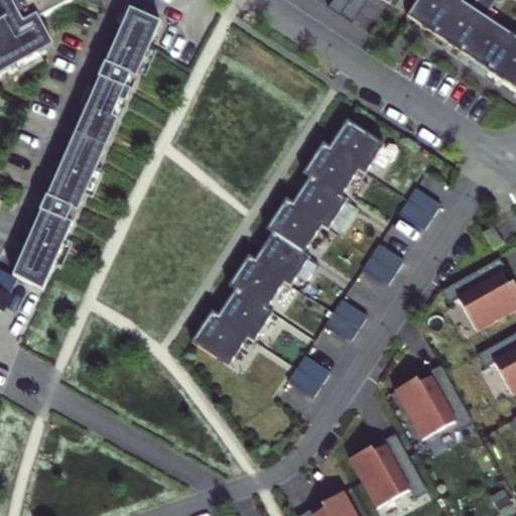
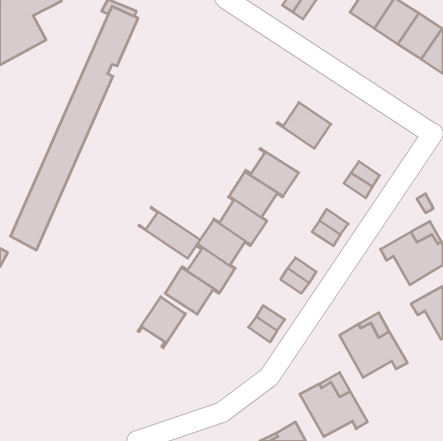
building: [302,143,365,201] -> none
building: none -> [139,207,200,258]
building: none -> [138,297,186,348]

